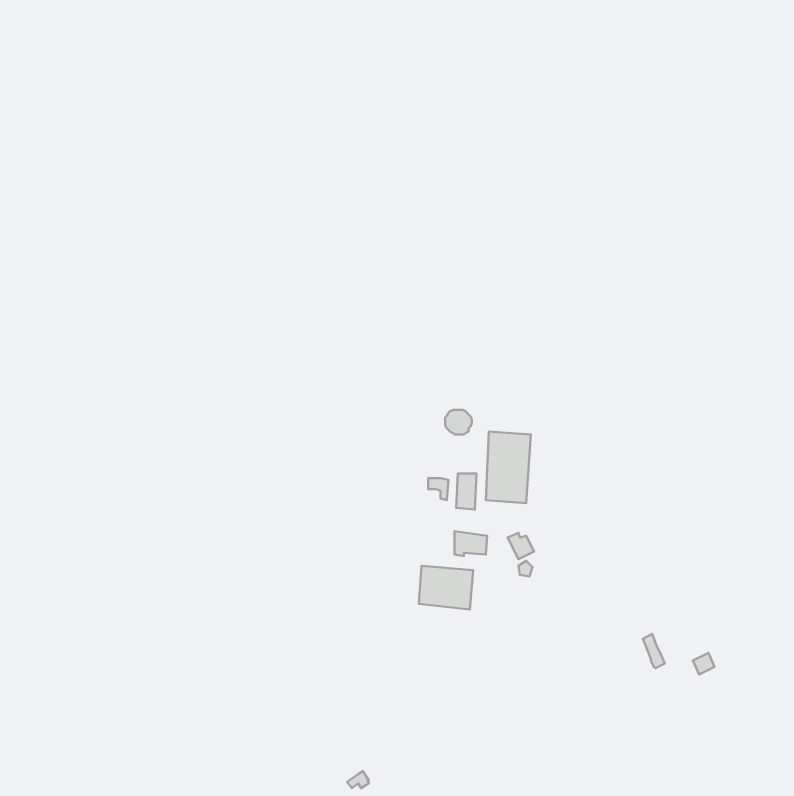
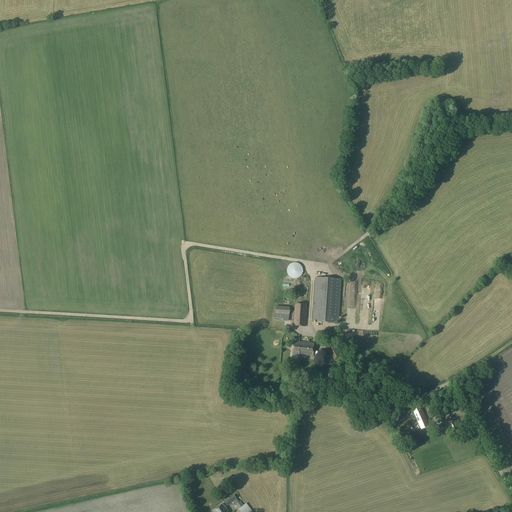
building: [419,566,473,610] -> none

